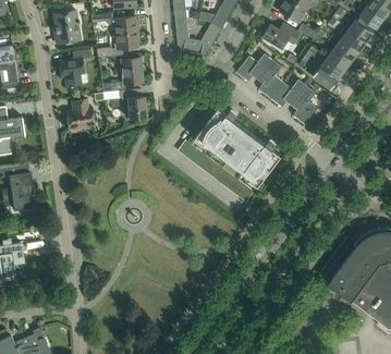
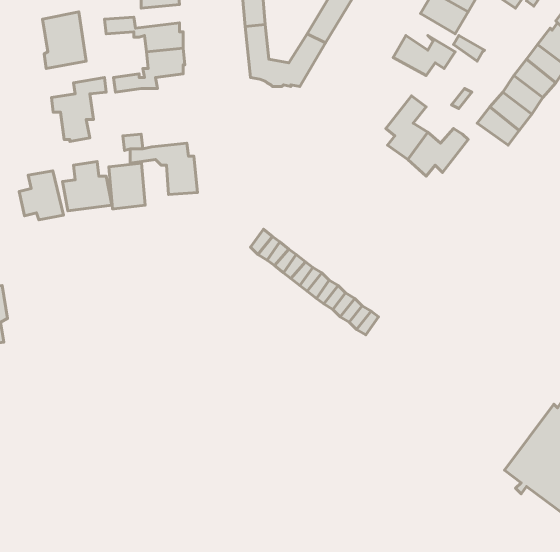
building: [236,53,273,82] -> none
building: [121,58,143,85] -> [109,163,145,209]
building: [292,86,317,124] -> none
building: none -> [19,171,64,220]
building: [195,108,281,186] -> none

